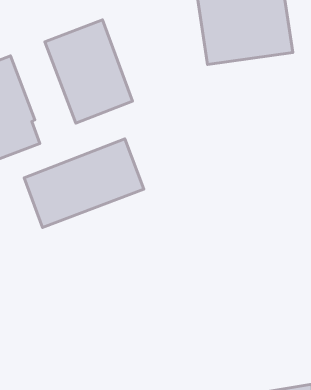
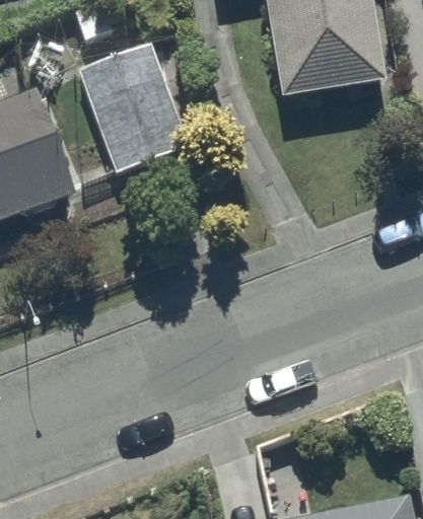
building: [24,139,144,227] -> none

